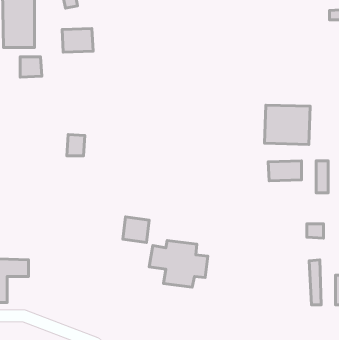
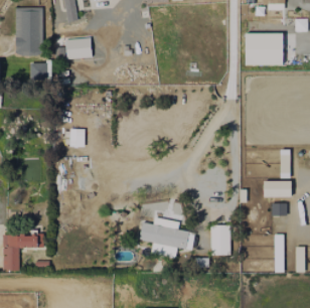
building: [265,105,310,144] -> [245,32,283,65]
building: [268,161,302,181] -> [263,180,291,197]
building: [123,217,149,242] -> none
building: none -> [211,224,230,255]

